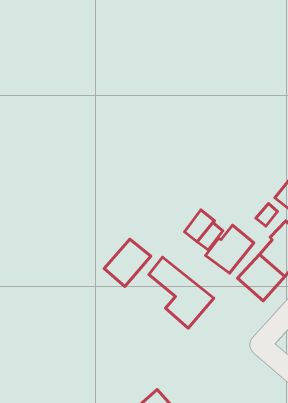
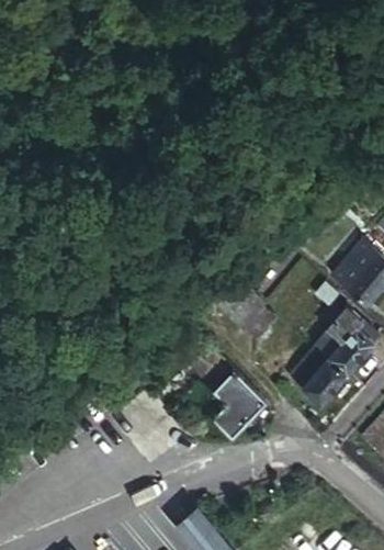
building: [206,225,254,273] -> none
building: [104,239,151,286] -> none

